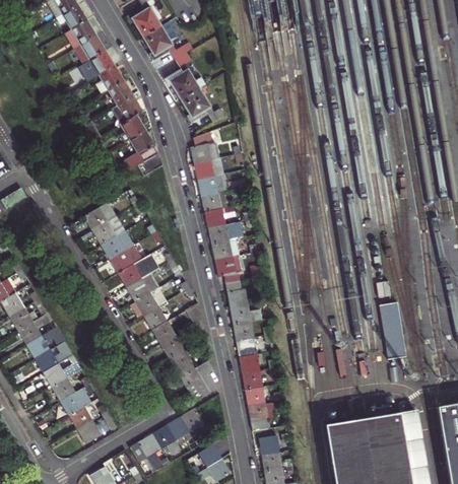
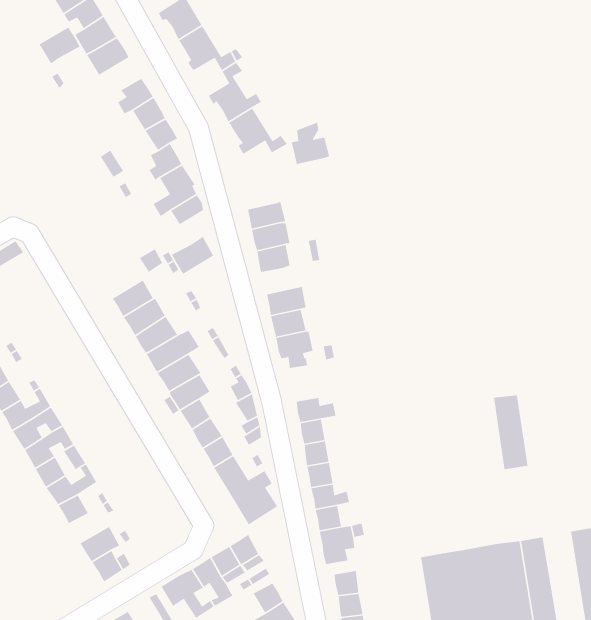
building: [84,51,116,79] -> [39,27,81,64]
building: [191,132,220,164] -> [291,122,330,165]
building: [84,202,117,231] -> [171,236,214,275]
building: [205,206,236,228] -> none
building: [226,282,249,308] -> none
building: [61,389,90,415] -> none

